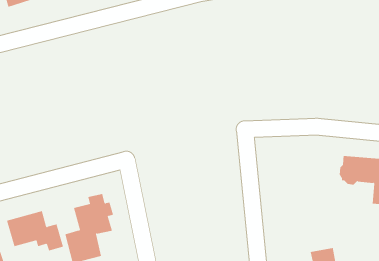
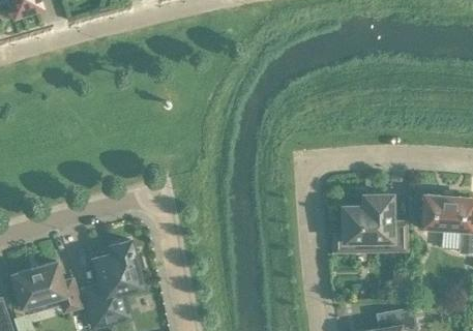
building: none -> [335,194,406,251]

